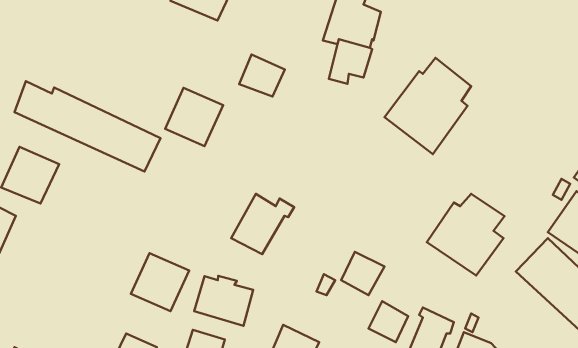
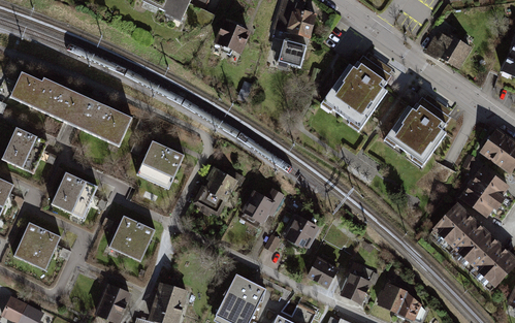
building: none -> [424,28,472,70]
building: [239,55,285,97] -> [215,20,253,55]
building: [165,88,223,146] -> [137,142,186,191]
building: [427,194,505,275] -> [385,97,450,165]
building: none -> [50,173,97,222]
building: none -> [240,188,285,224]
building: none -> [12,223,61,271]
building: [194,276,253,326] -> none

